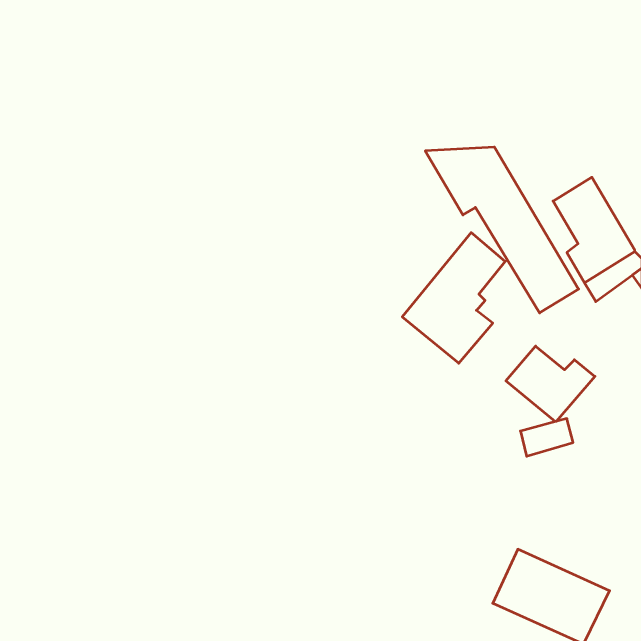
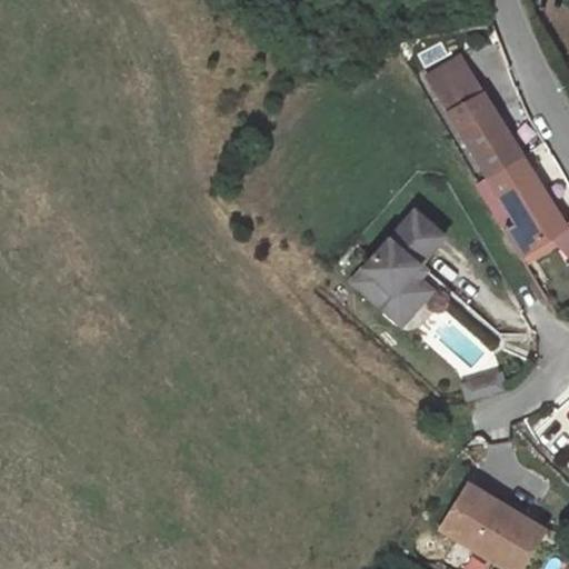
building: [425,147,579,313] -> [389,32,525,179]
building: [506,346,595,421] -> none

